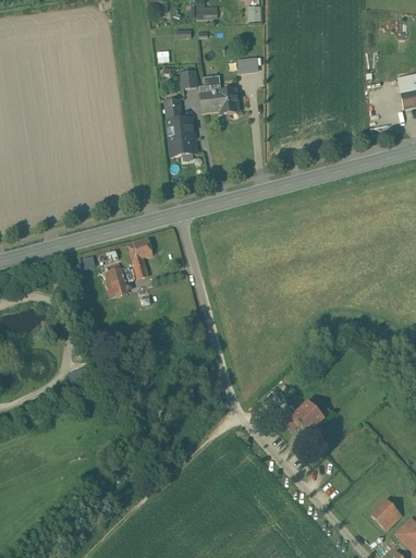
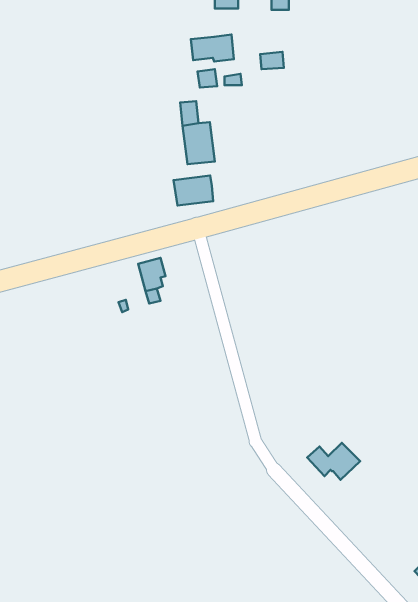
building: [199,88,237,112] -> [191,34,234,62]
building: none -> [174,176,213,205]

